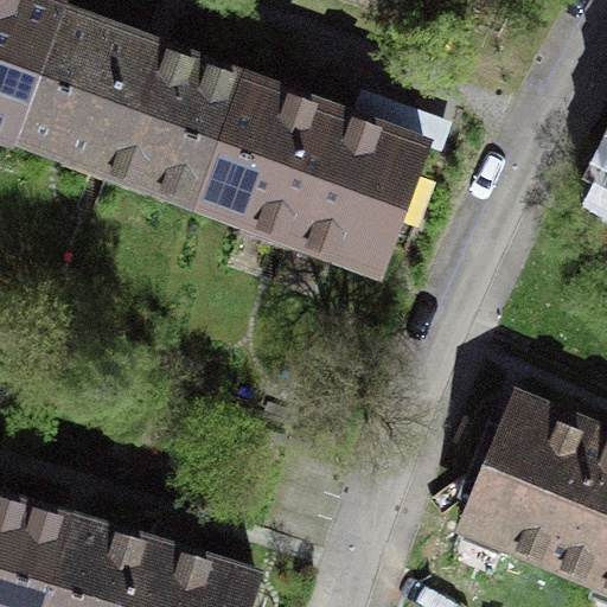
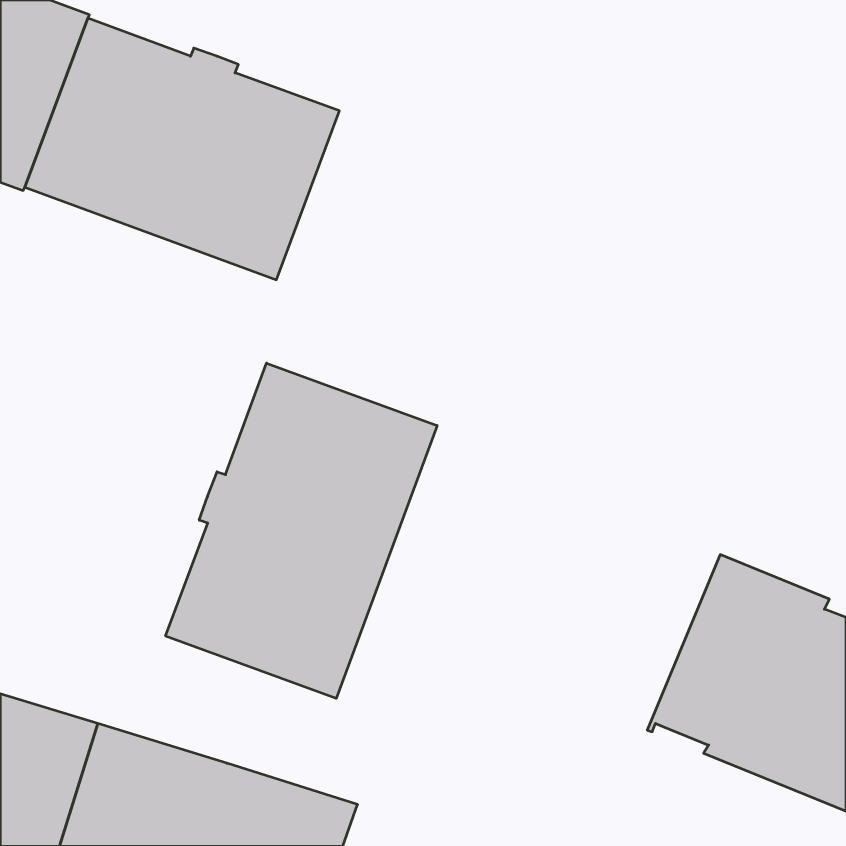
building: [198,79,426,268] -> none
building: none -> [166,363,437,698]

